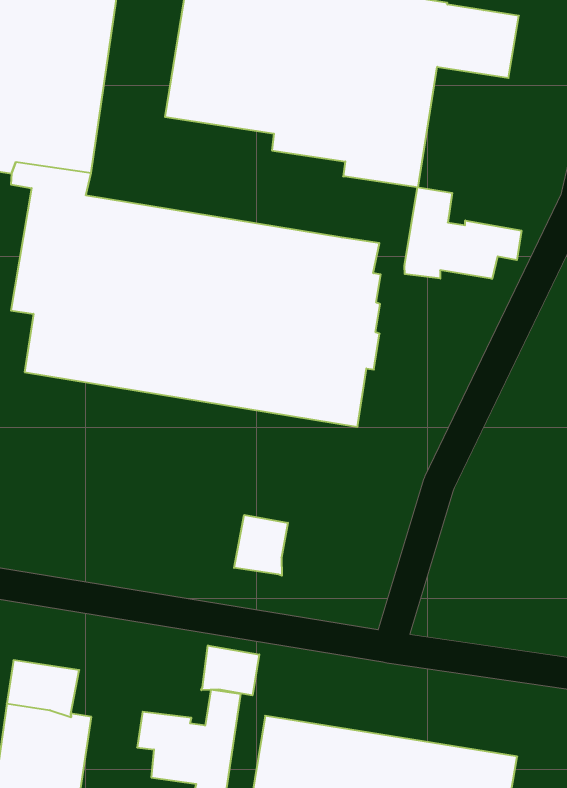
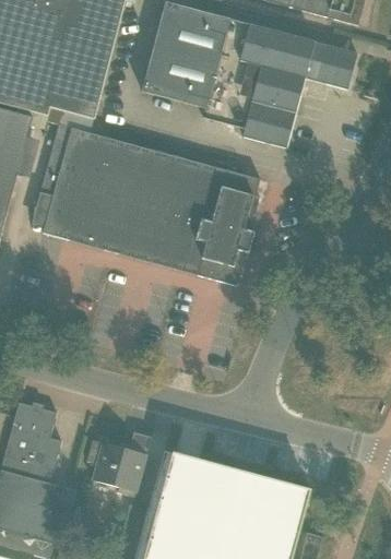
building: [405,187,521,279] -> none
building: [234,515,288,576] -> none
building: [201,645,259,695] -> none

